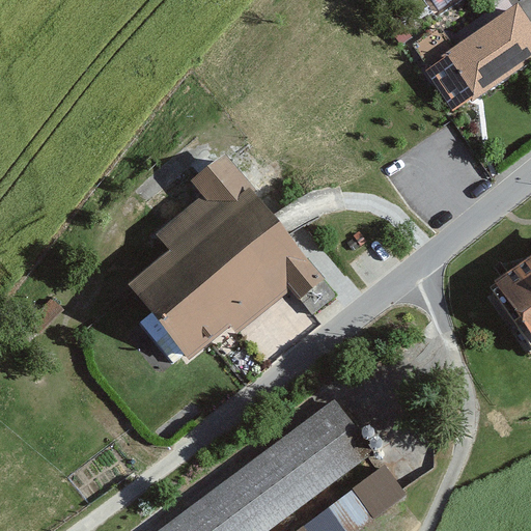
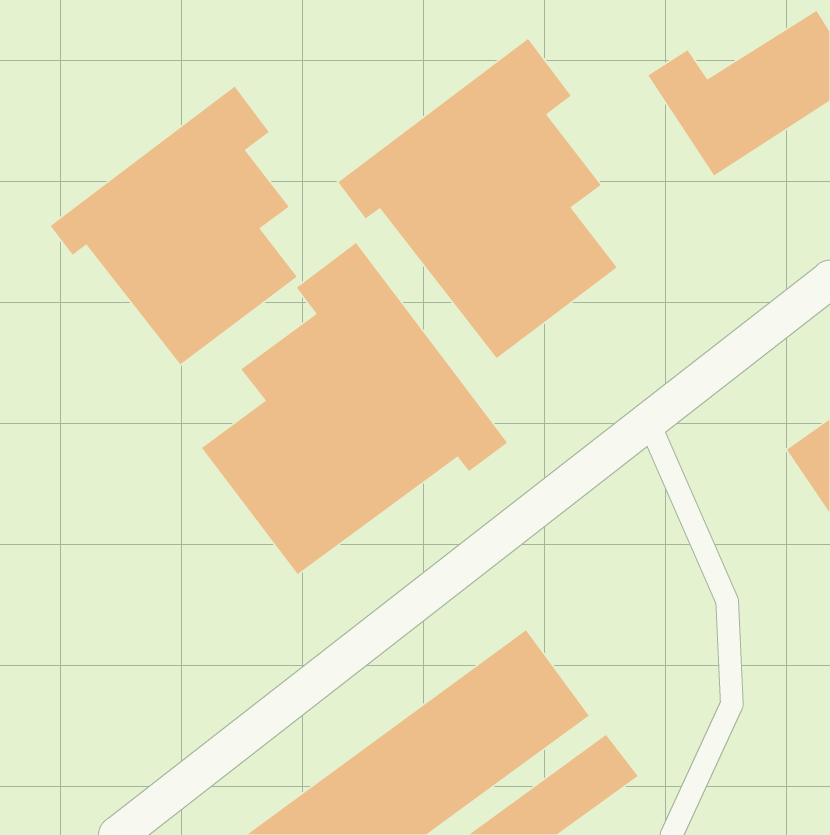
building: none -> [337,38,618,359]
building: none -> [50,86,298,366]

